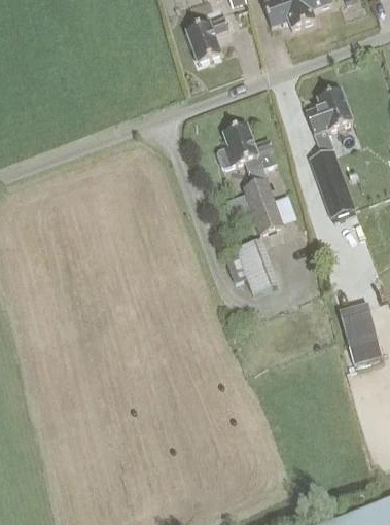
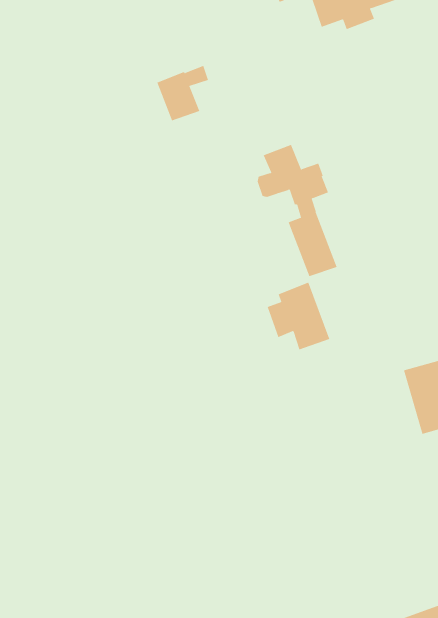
building: [184,15,227,62] -> [157,65,209,121]
building: [305,87,353,217] -> none

